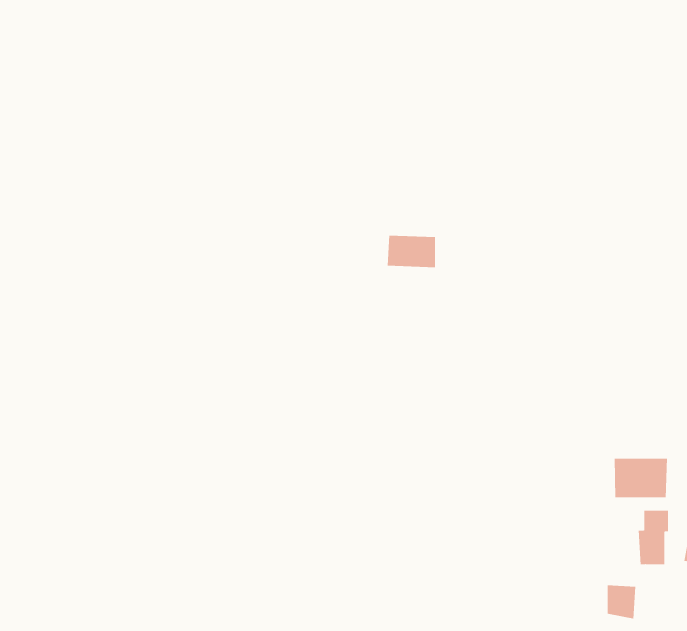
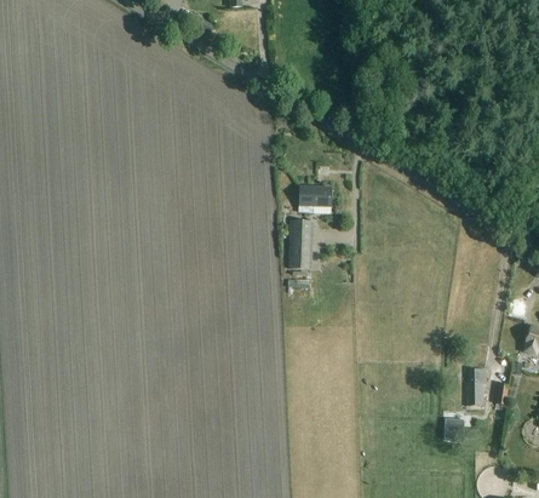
building: none -> [291,221,314,269]
building: [614,458,667,498] -> none

